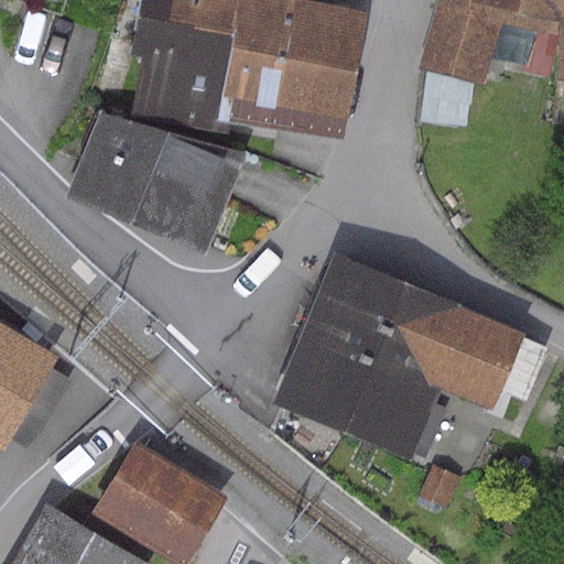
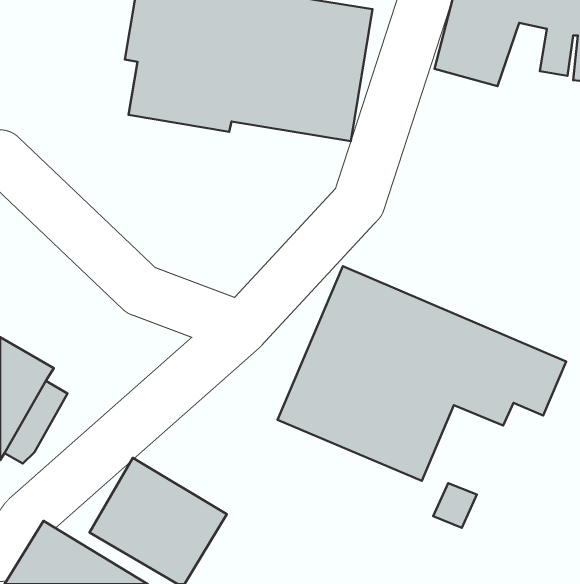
building: [66,110,245,253] -> none

